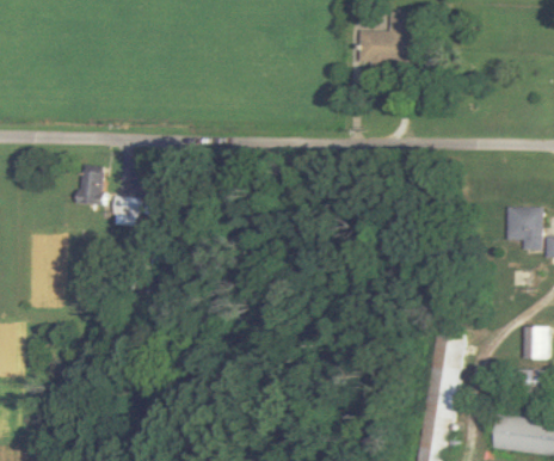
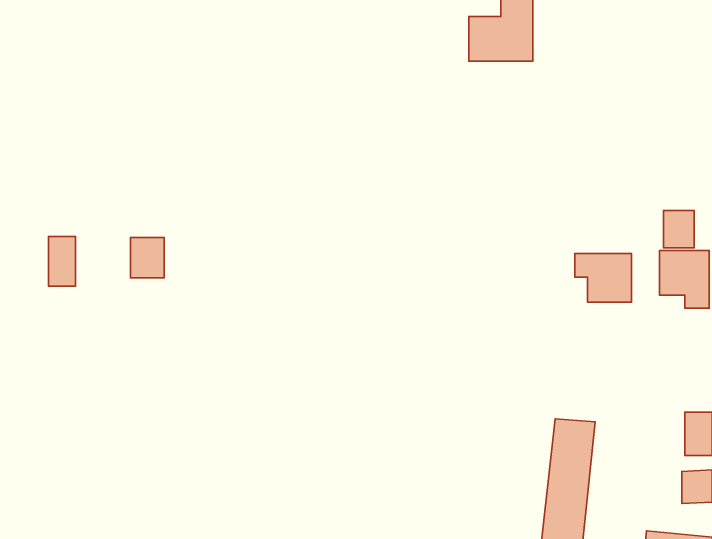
building: [80,166,100,203] -> [48,237,76,286]
building: none -> [663,211,694,248]
building: none -> [575,254,632,302]

